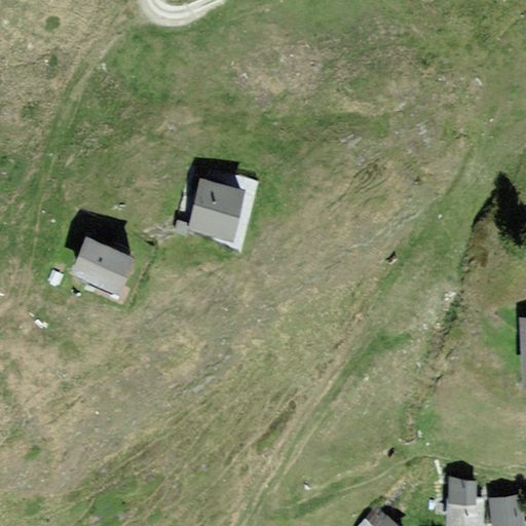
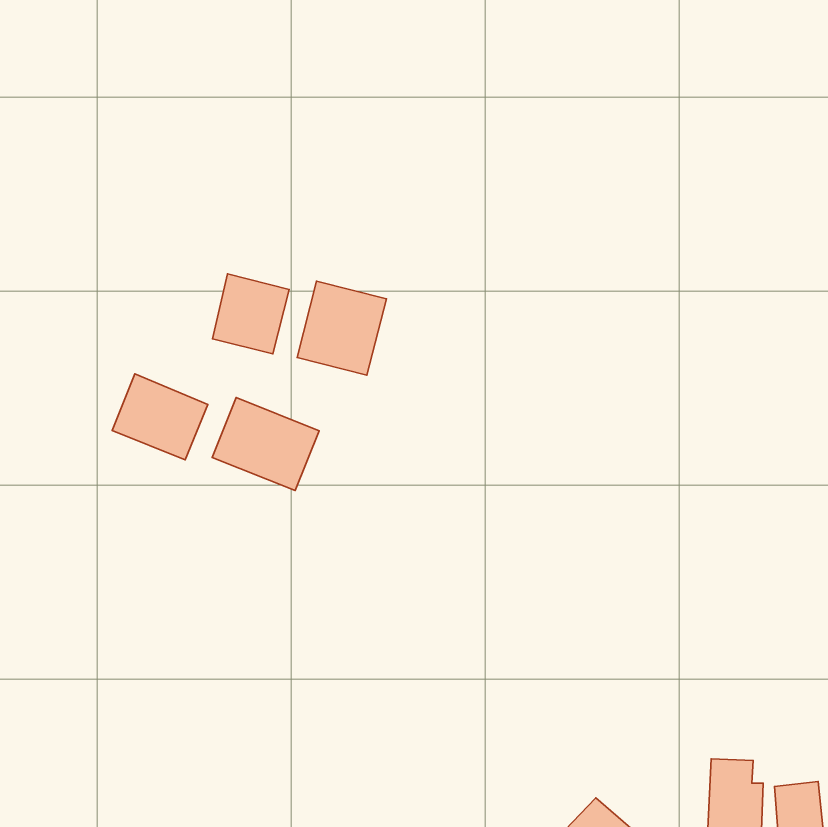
building: none -> [213,274,289,354]
building: none -> [212,398,319,491]

